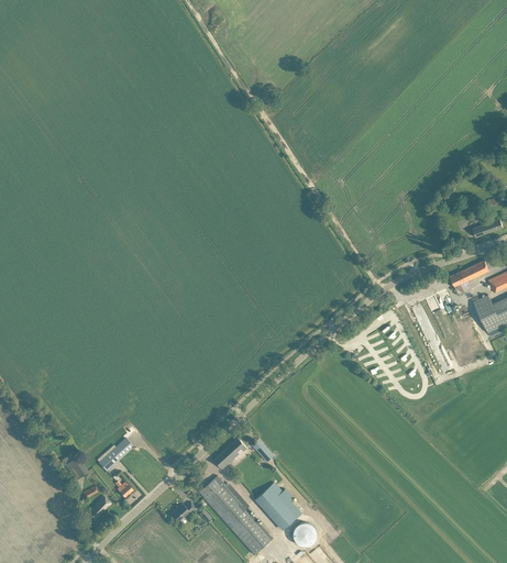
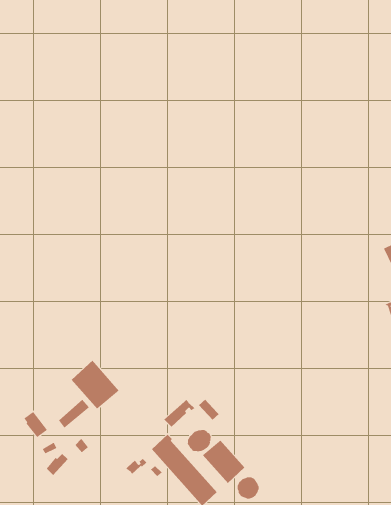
building: none -> [71,360,120,409]
building: none -> [187,429,211,452]

